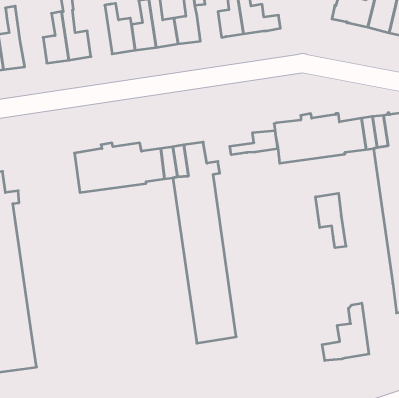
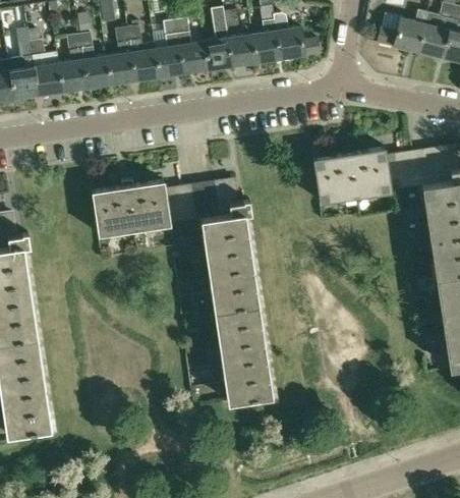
building: none -> [106,29,133,86]
building: none -> [26,31,61,97]
building: none -> [227,36,254,68]
building: [230,130,278,155] -> none
building: [316,193,346,248] -> none
building: [322,303,369,361] -> none

